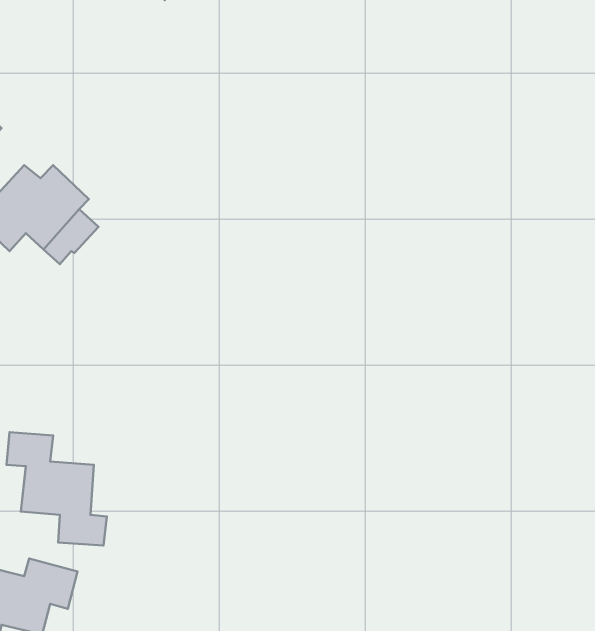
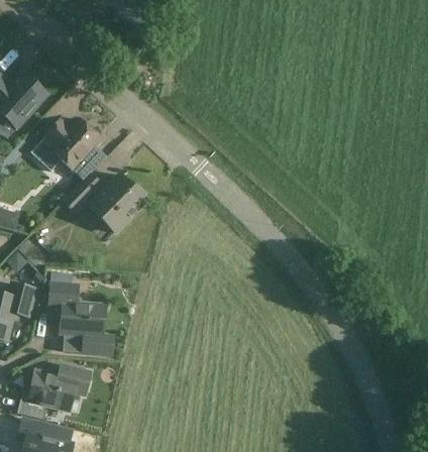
building: none -> [62,172,101,211]
building: none -> [87,173,144,231]

